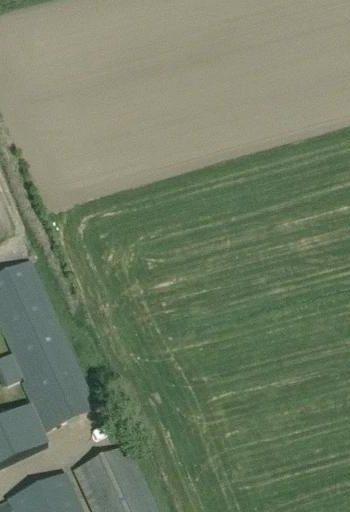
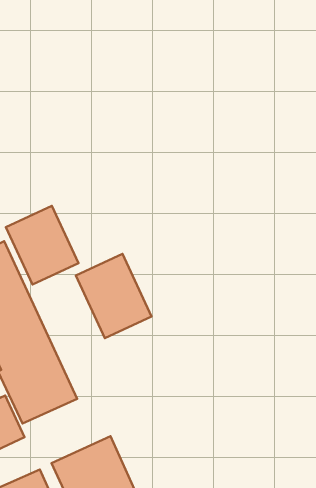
building: none -> [6,206,78,284]
building: none -> [76,254,152,338]

